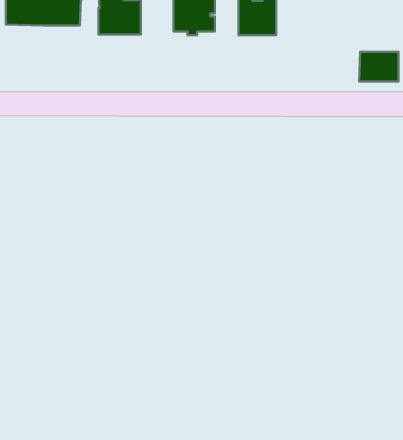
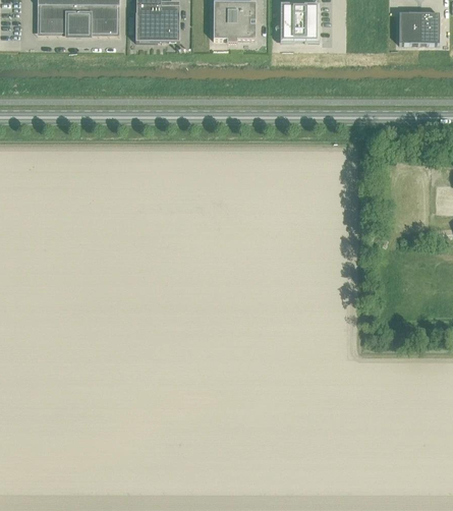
building: [359,52,399,81] -> [398,11,439,42]

